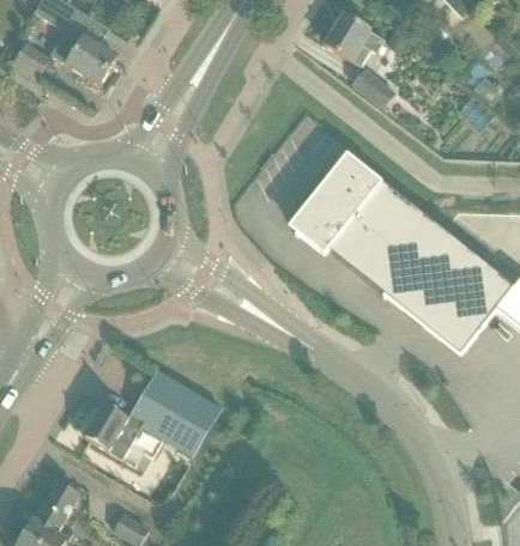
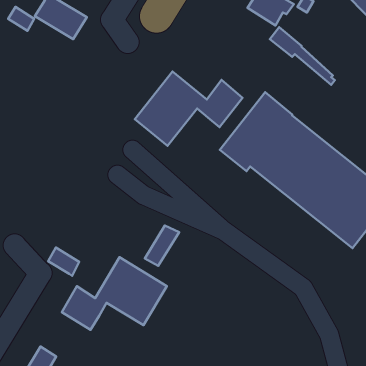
building: none -> [135,72,243,146]
building: none -> [145,226,179,266]
building: none -> [48,248,79,276]

